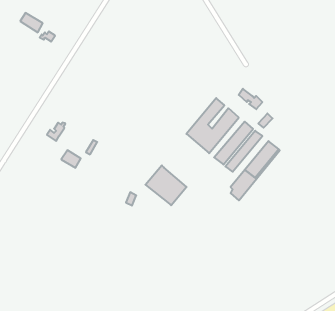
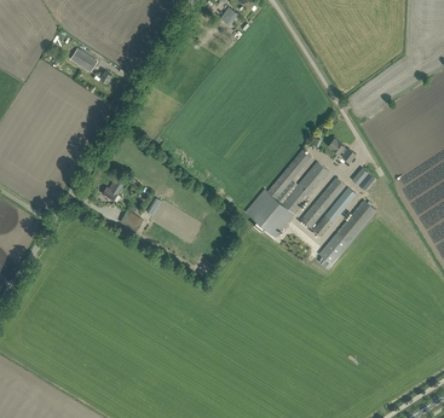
building: [145,165,187,205] -> [246,188,294,236]

